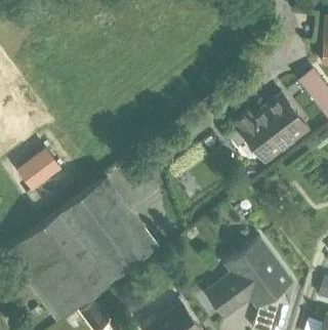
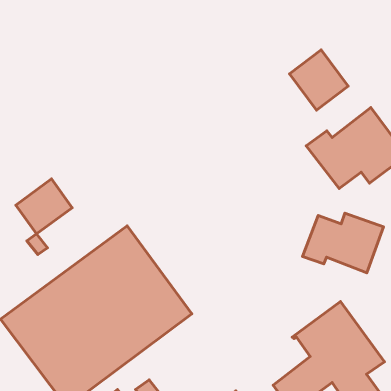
building: none -> [290,50,348,110]
building: none -> [302,213,383,273]

